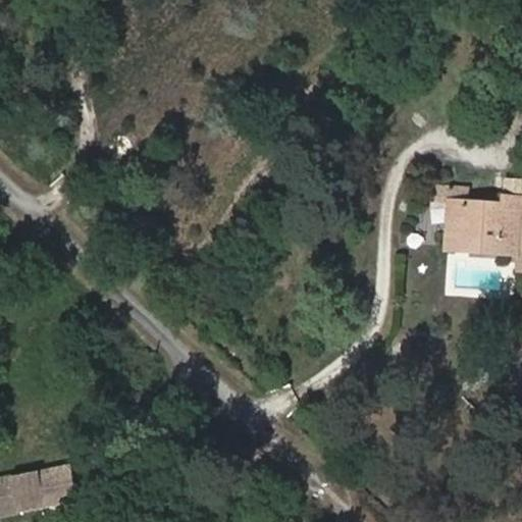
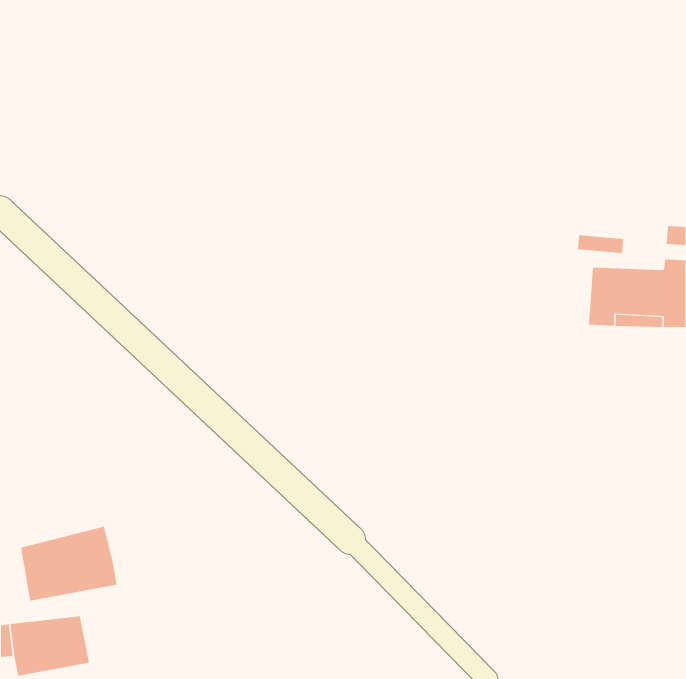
building: none -> [21,526,117,601]

